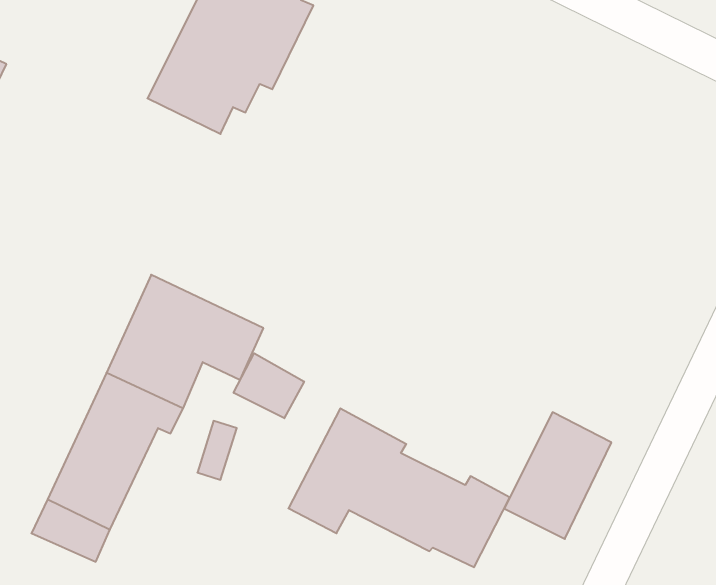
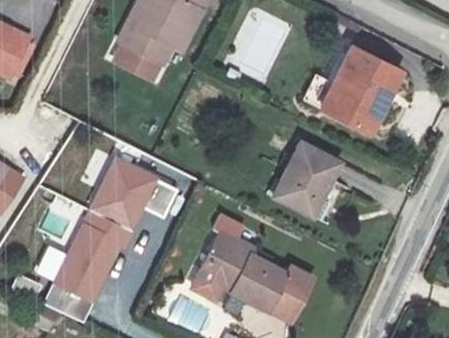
building: none -> [322,47,401,133]
building: [234,353,304,418] -> none
building: [504,412,611,539] -> [276,144,336,215]

